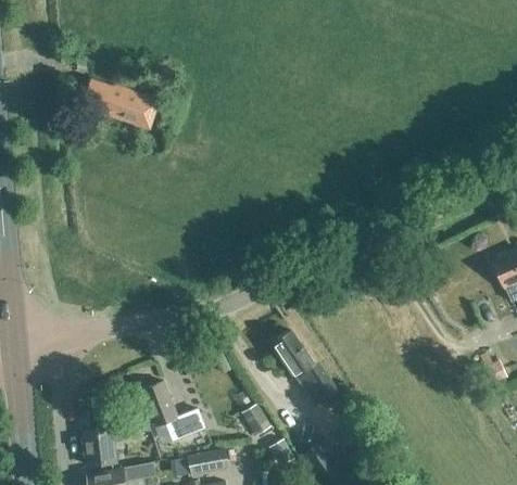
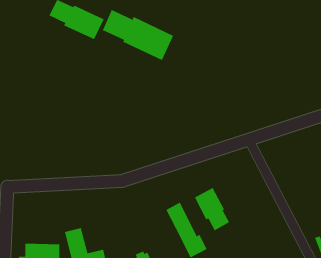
building: none -> [102,9,174,61]
building: none -> [194,187,230,231]

